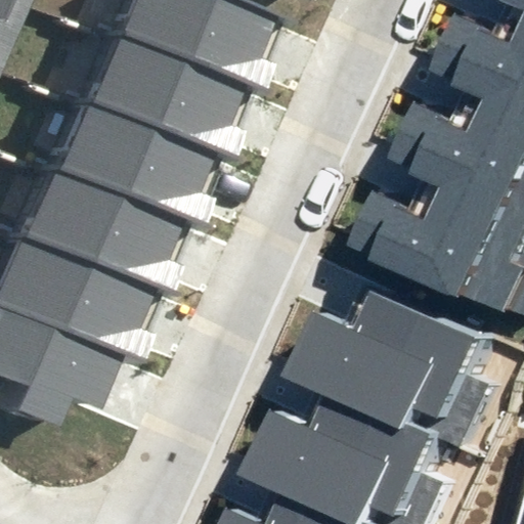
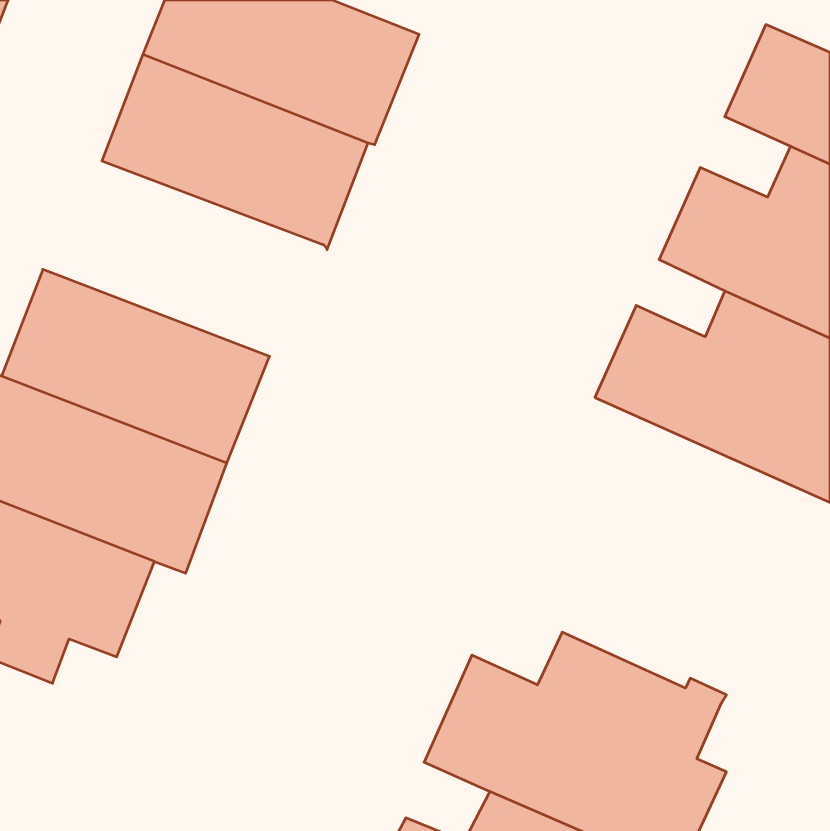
building: [32,104,202,229] -> none
building: [311,296,495,451] -> none

